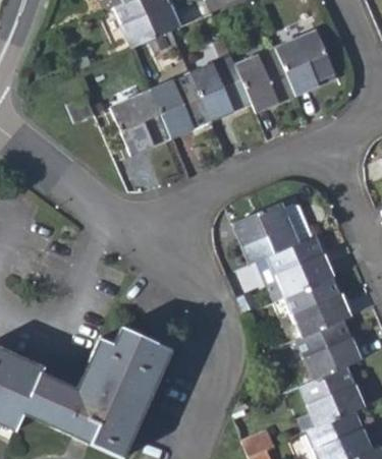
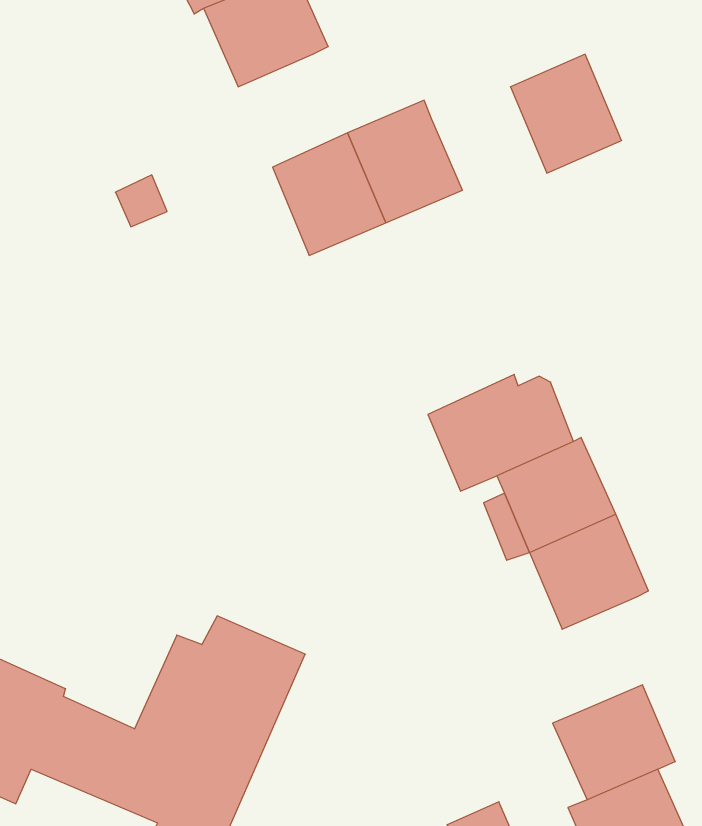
building: [235,49,296,112] -> none
building: [111,92,170,155] -> none
building: [296,320,362,381] -> none

